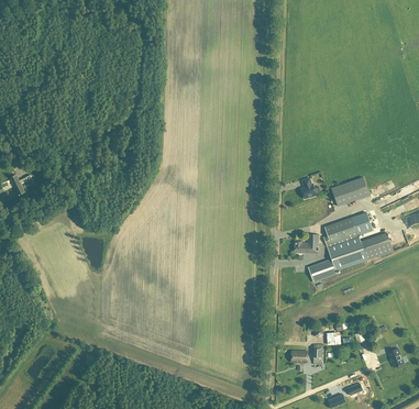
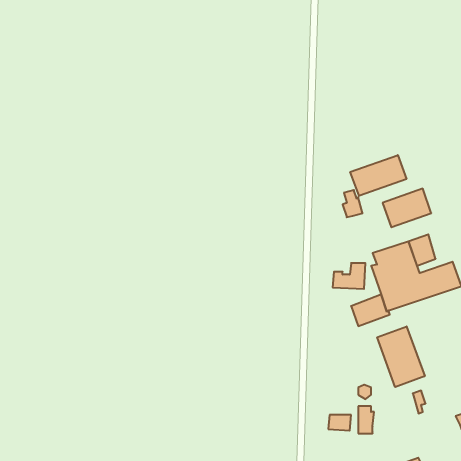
building: none -> [350,155,406,196]
building: none -> [377,326,425,387]

